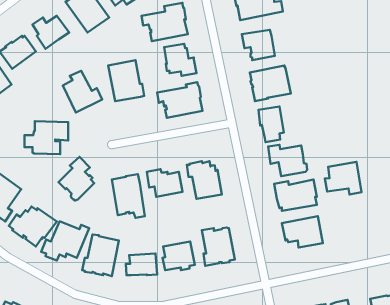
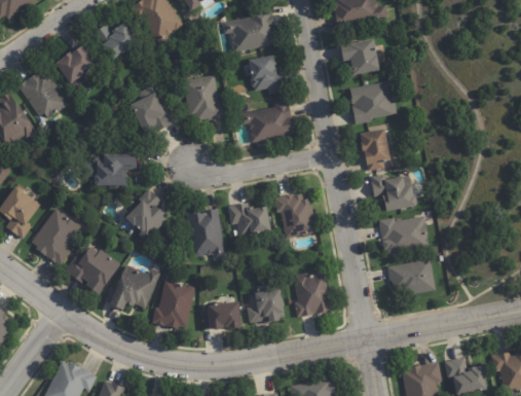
building: [325,162,361,195] -> none

